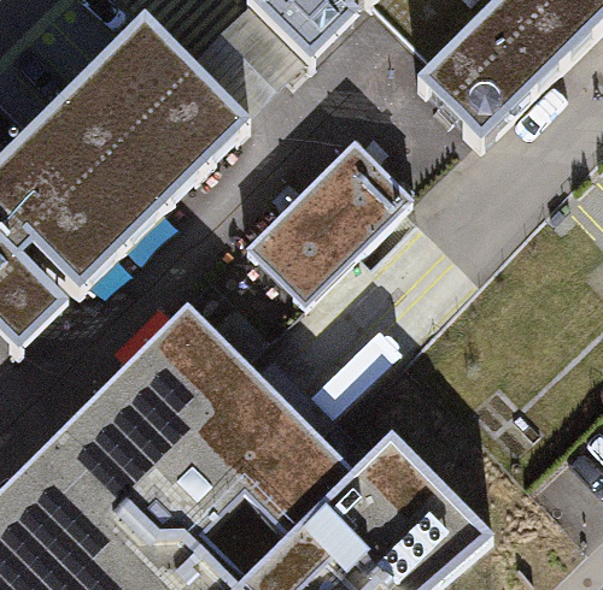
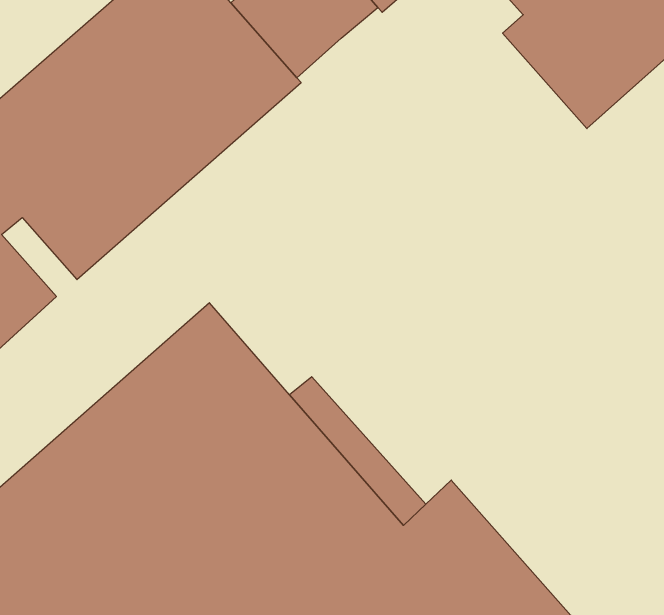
building: [244,136,409,303] -> none

